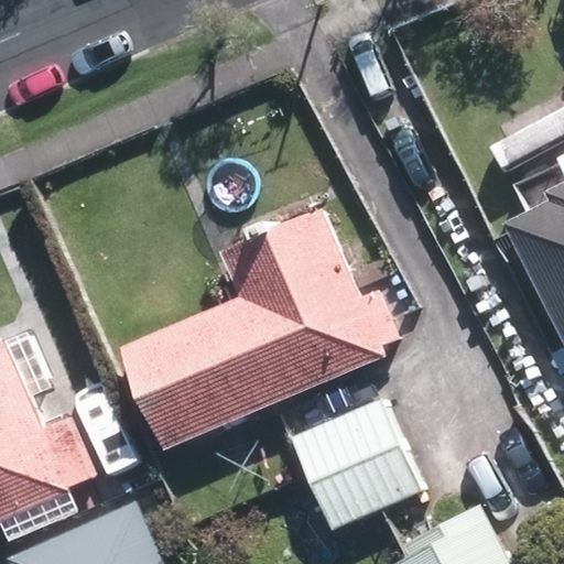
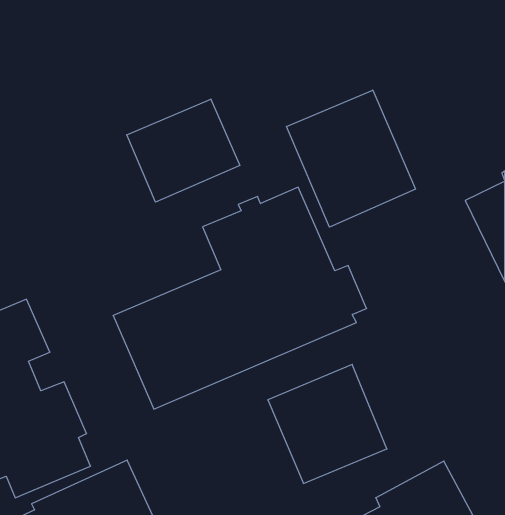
building: none -> [287,90,416,227]
building: none -> [127,99,240,202]

